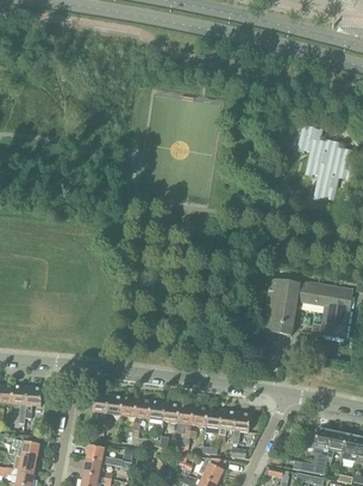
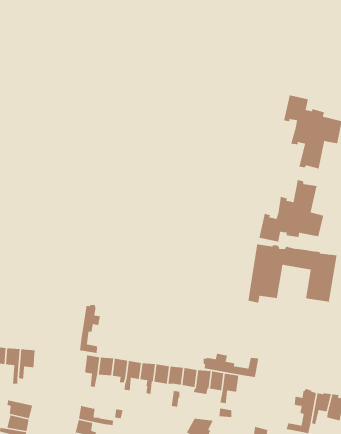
building: none -> [259,179,324,242]
building: none -> [79,304,101,354]
building: none -> [203,353,259,378]

